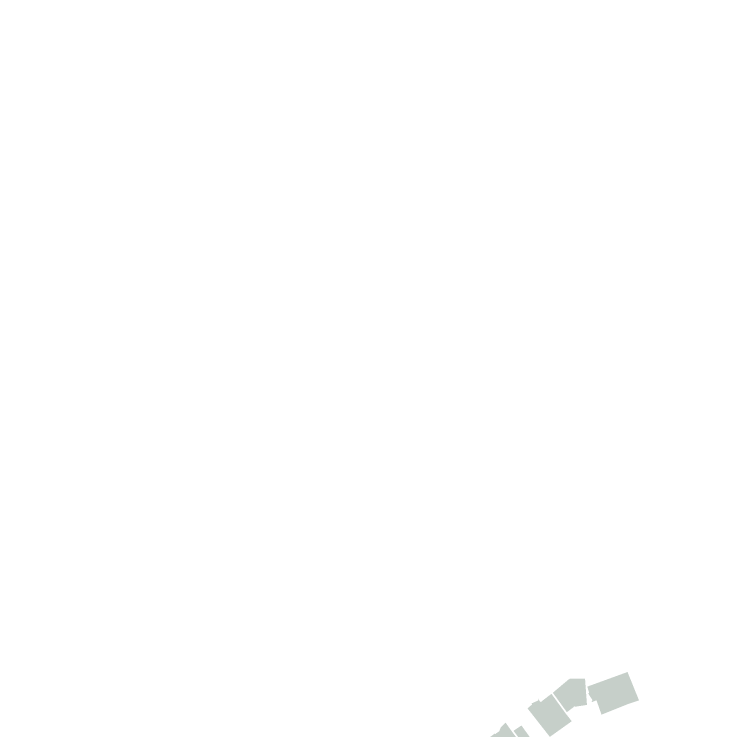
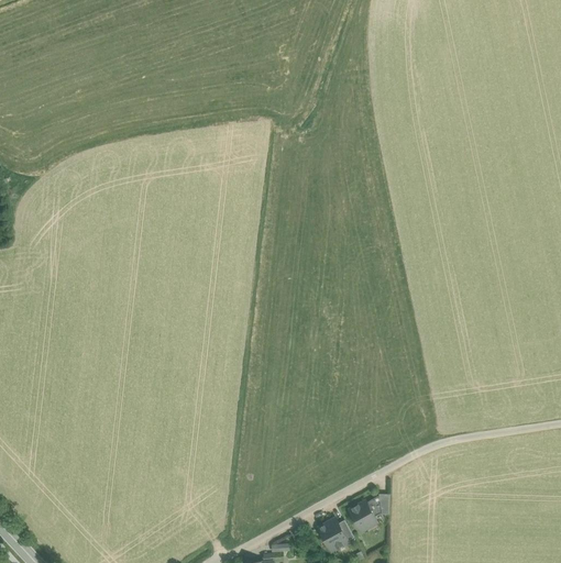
building: [587,671,640,715] -> none

